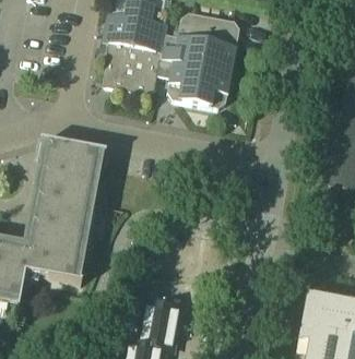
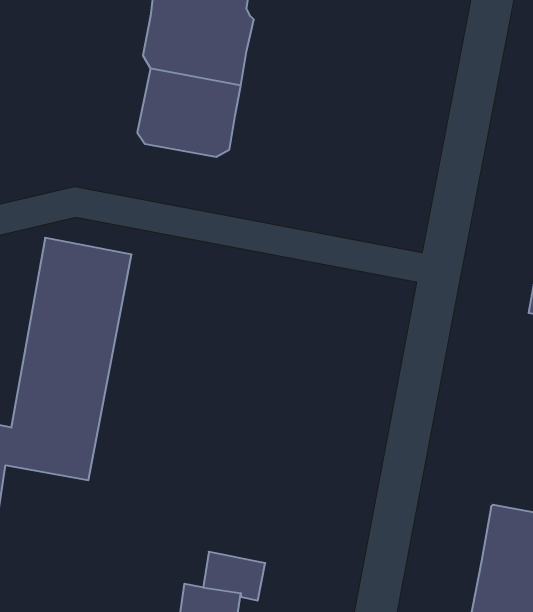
building: [158,10,240,106] -> none
building: [143,300,179,327] -> none

